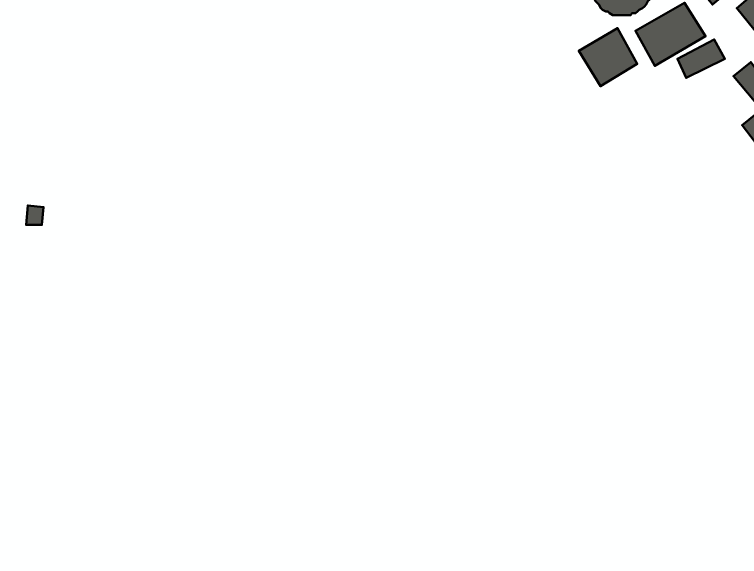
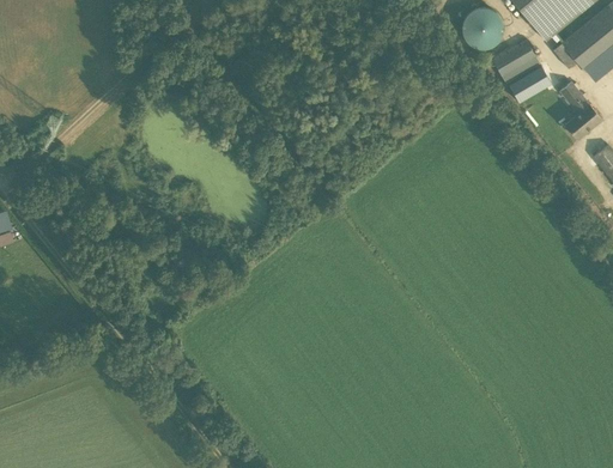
building: [579,28,637,86] -> none

